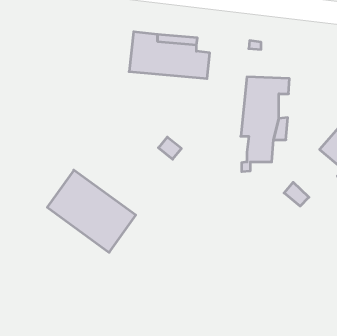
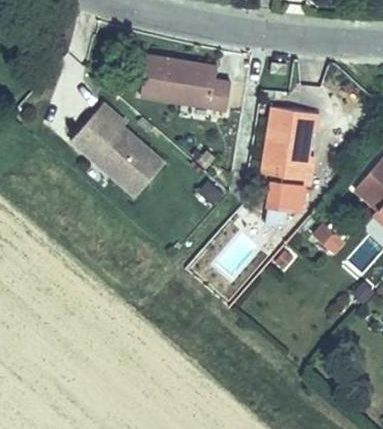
building: [47,170,136,252] -> [51,100,151,193]

